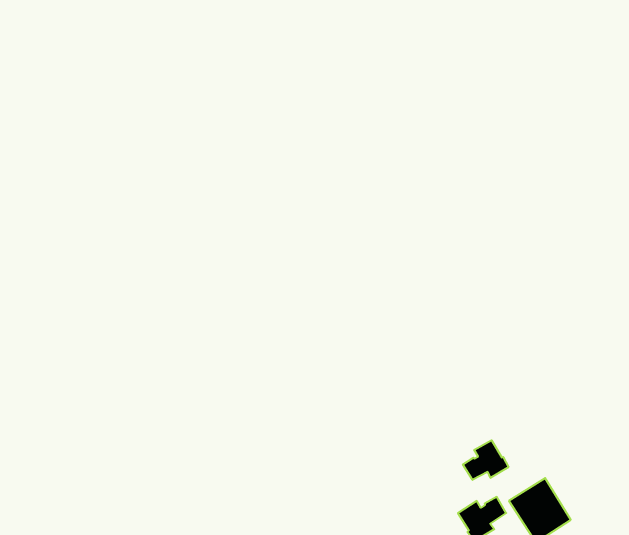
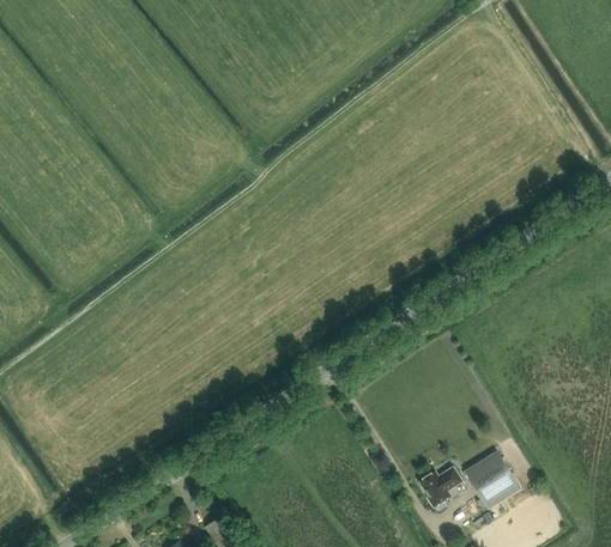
building: [463,440,508,480] -> none

